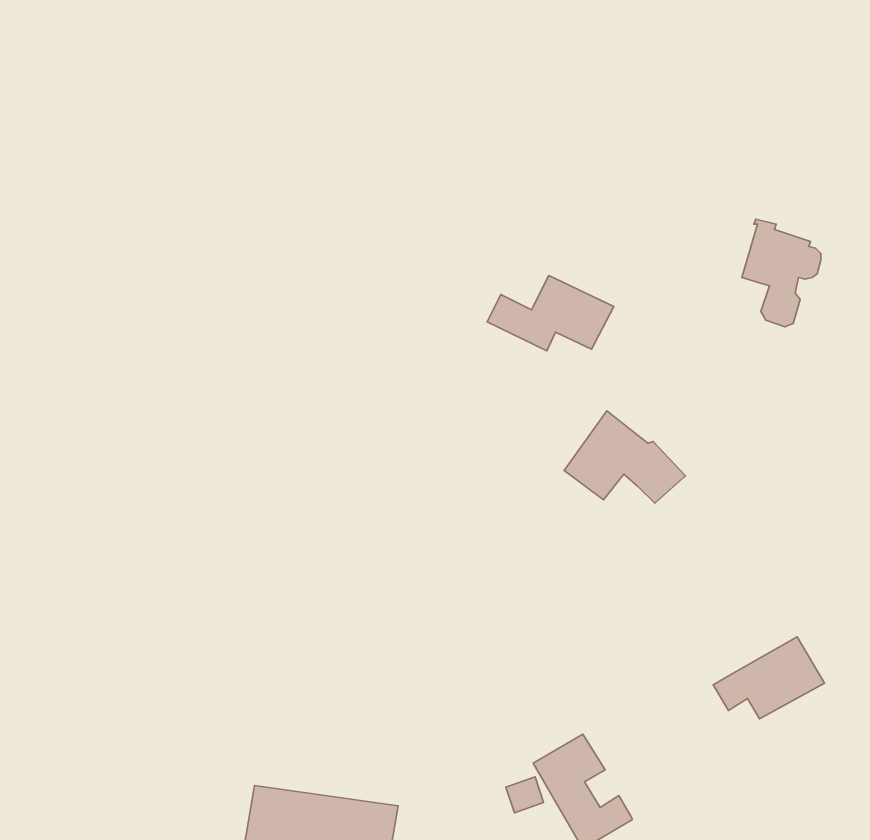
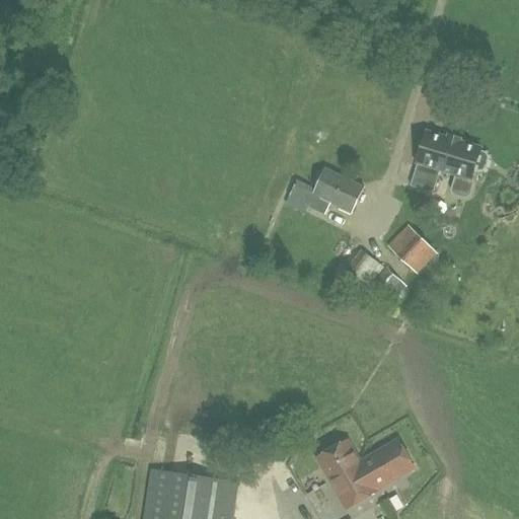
building: none -> [410,131,449,194]
building: none -> [388,225,437,274]
building: [713,637,824,719] -> [347,440,413,489]

